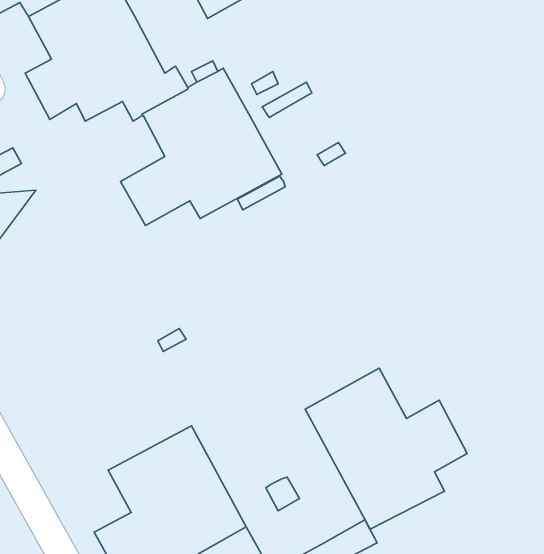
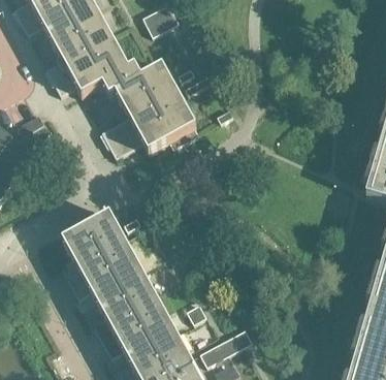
building: none -> [60,209,143,294]
building: [305,368,467,529] -> none

